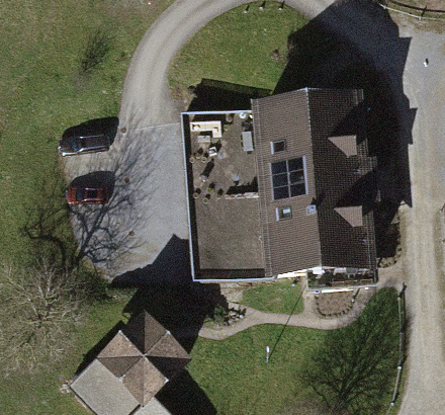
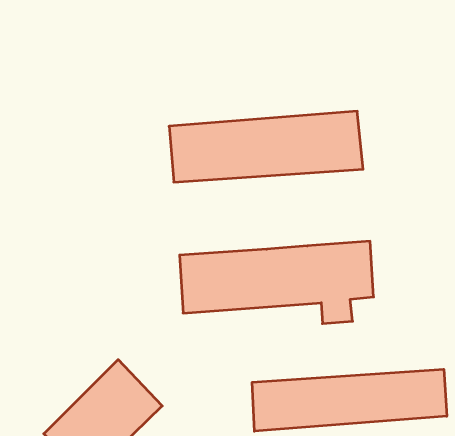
building: [192,151,370,226] -> none
building: none -> [252,369,447,431]

